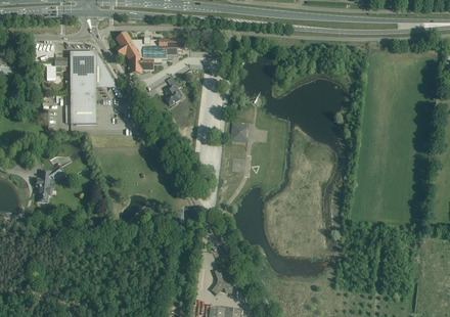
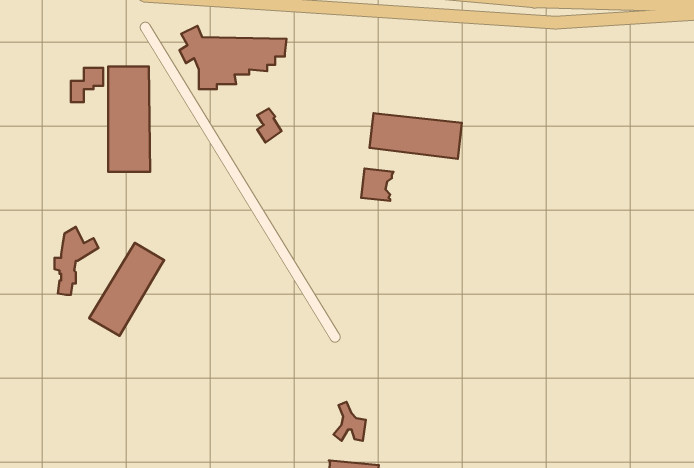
building: none -> [370,113,462,159]
building: none -> [89,243,164,336]

